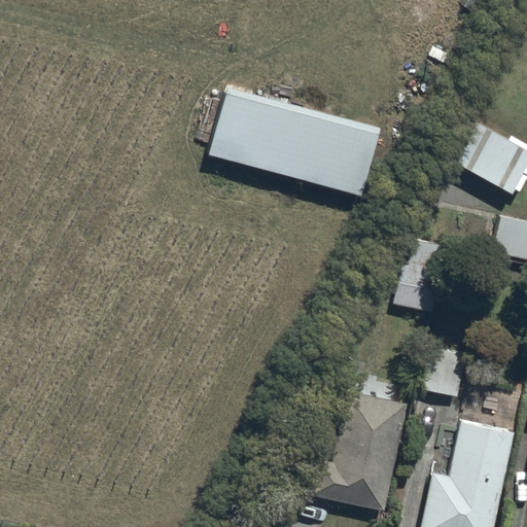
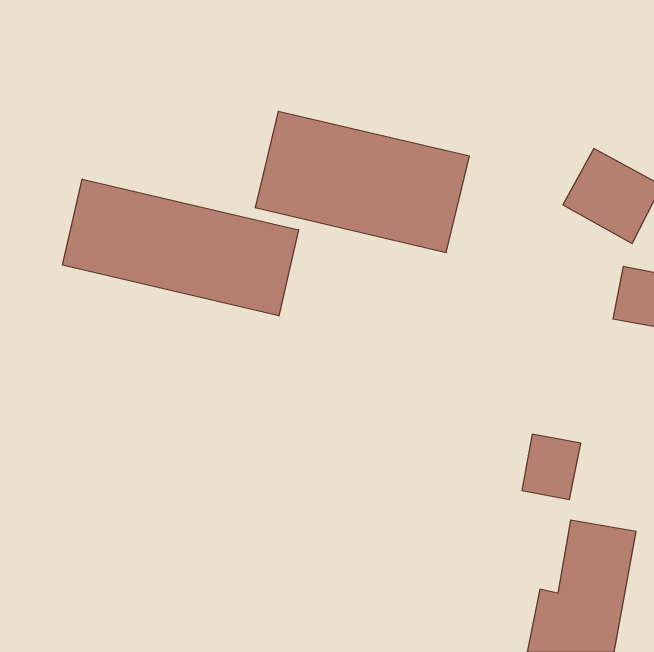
building: none -> [63,179,299,316]
building: [395,234,447,310] -> none
building: [331,393,407,511] -> none

